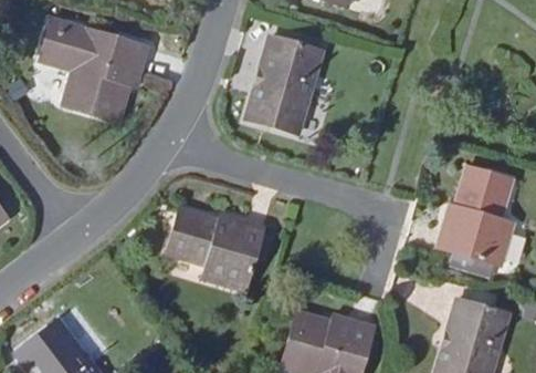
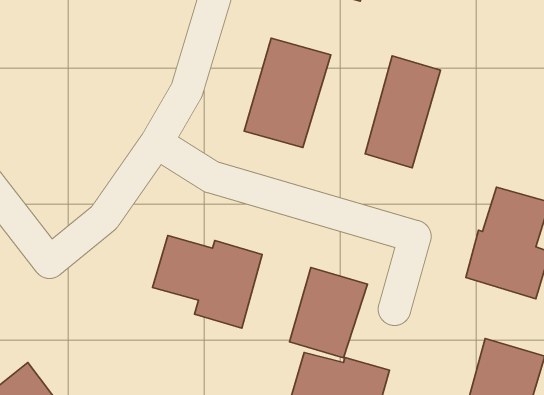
building: [41,18,147,118] -> none
building: none -> [365,56,440,168]
building: none -> [289,268,368,358]

